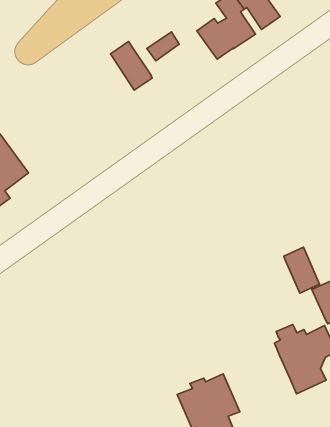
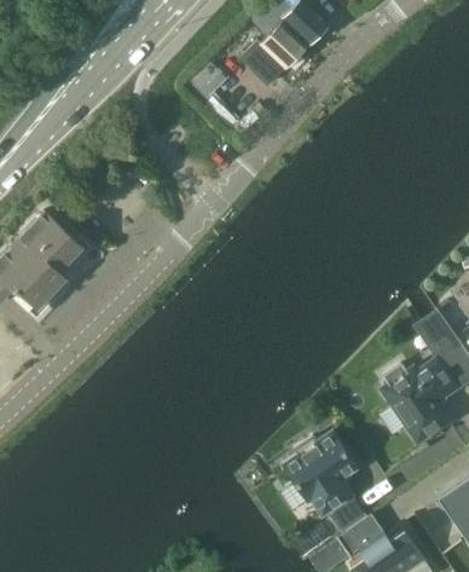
building: [110,42,152,90] -> none
building: [284,247,320,293] -> none

